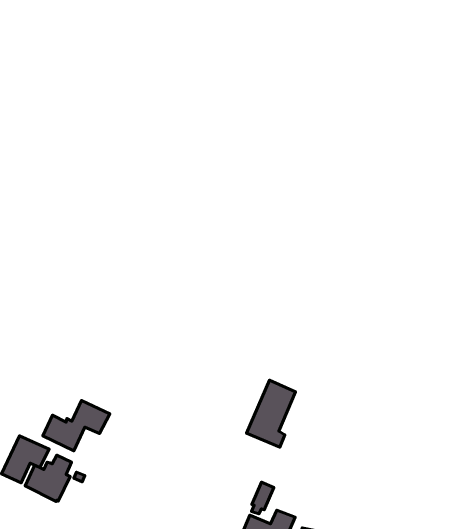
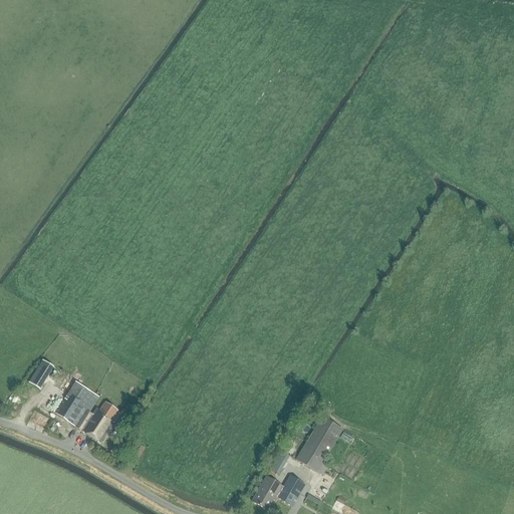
building: [247,380,295,447] -> [294,416,341,475]
building: [43,400,110,451] -> none

